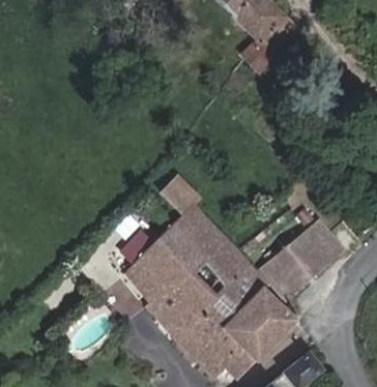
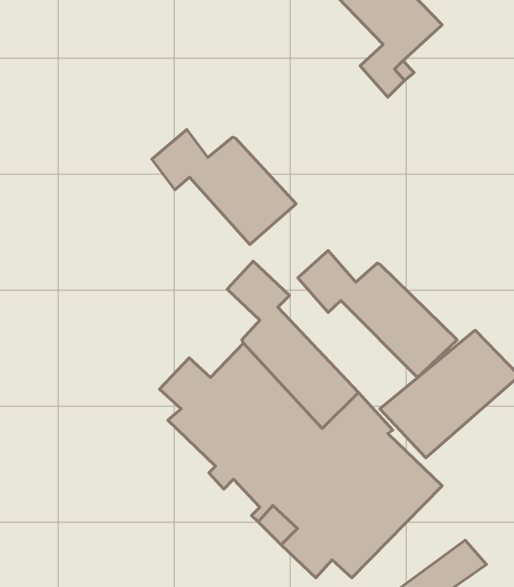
building: none -> [152,129,296,244]
building: none -> [298,250,457,378]

